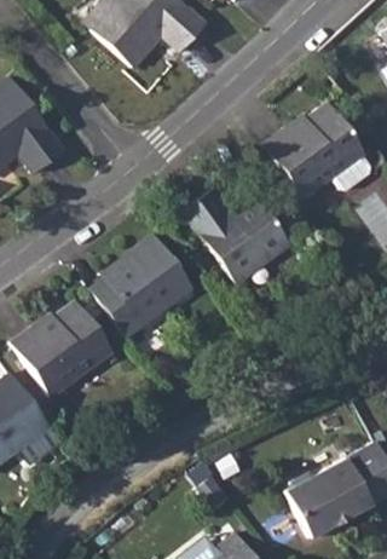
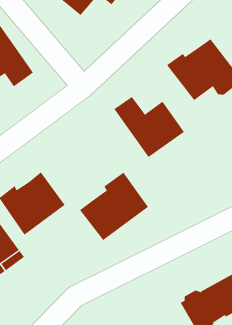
building: [91,229,195,332] -> [79,172,149,241]

